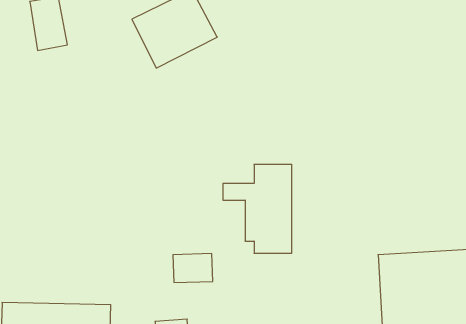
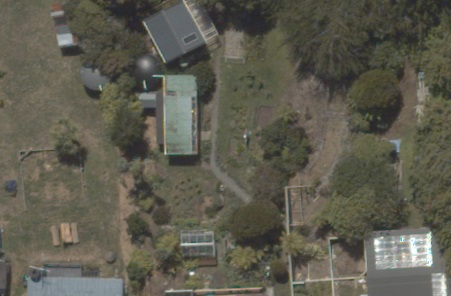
building: [223,164,292,253] -> [135,75,197,155]

